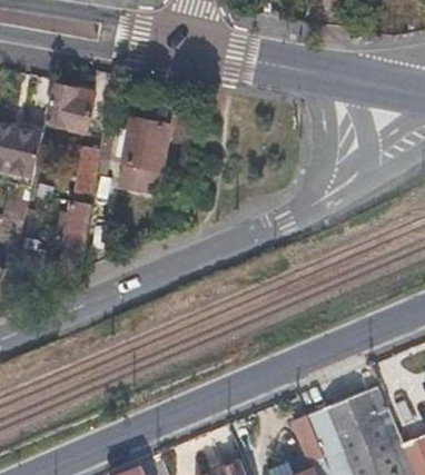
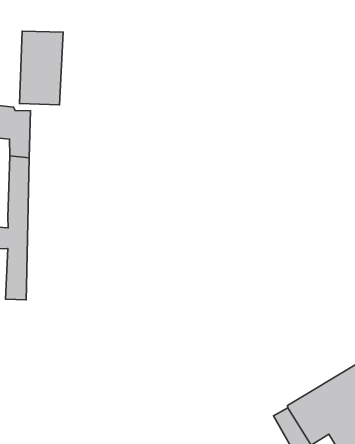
building: [118,122,168,196] -> [20,31,63,105]

